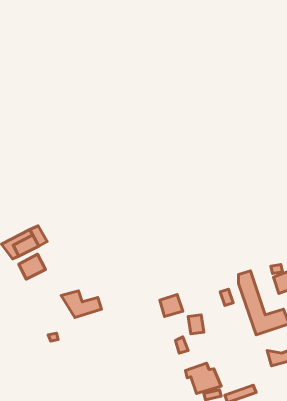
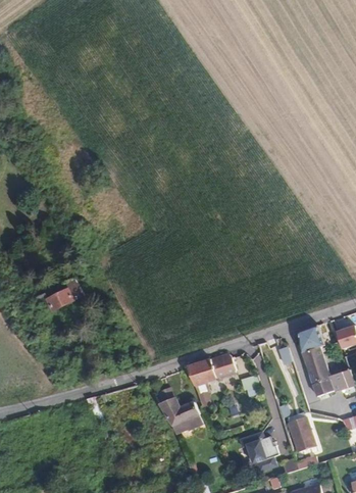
building: [19,254,45,279] -> none
building: [61,291,101,318] -> [157,393,202,423]
building: none -> [187,359,215,384]
building: none -> [288,417,316,454]

